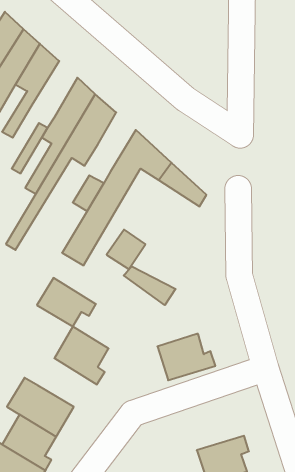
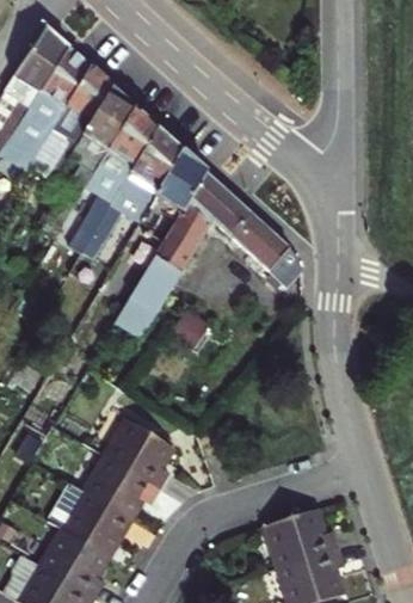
building: none -> [79,87,135,156]
building: none -> [158,150,207,223]
building: [124,266,176,305] -> none
building: [37,278,96,326] -> [86,454,159,513]
building: [157,334,215,380] -> [269,510,340,567]

